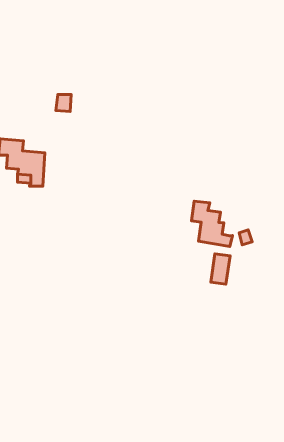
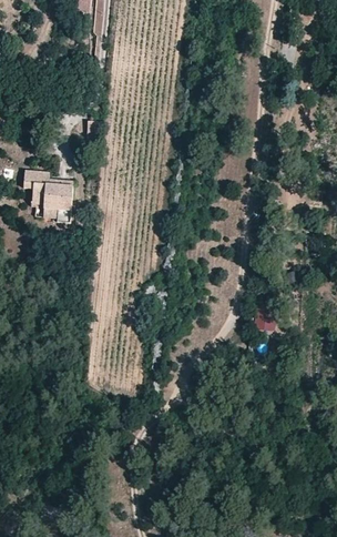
building: [191,201,233,246] -> none

